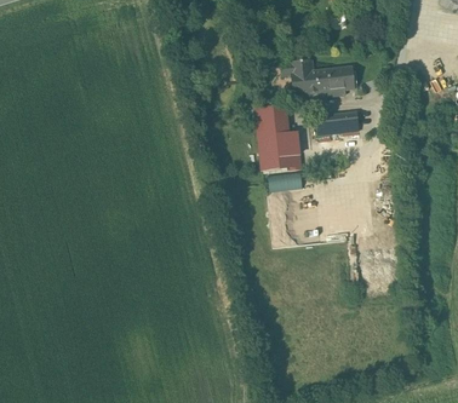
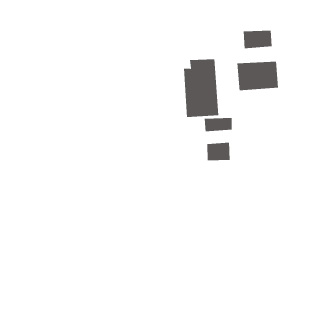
building: [304,62,325,93] -> none
building: none -> [207,142,230,161]

